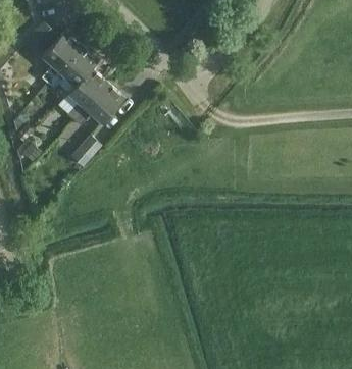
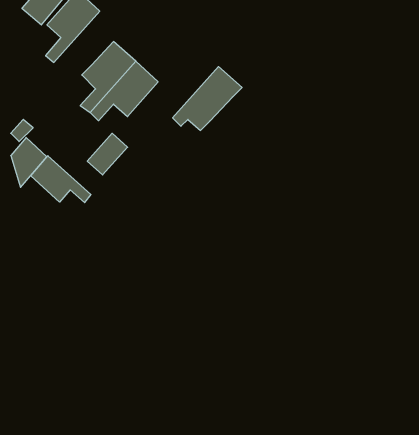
building: [47,45,98,92] -> [173,67,242,130]
building: none -> [31,156,91,203]

